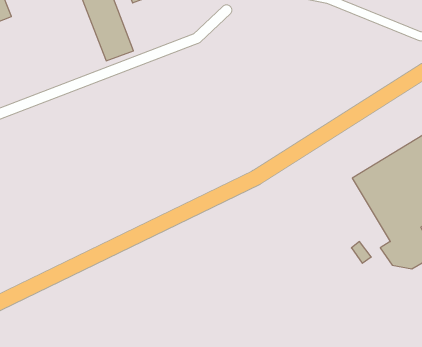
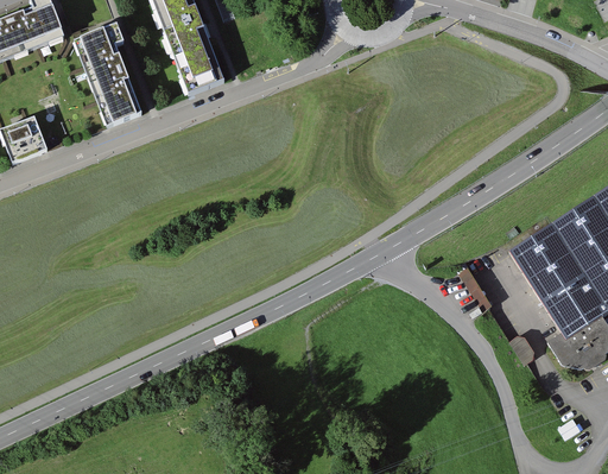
building: none -> [74,23,142,125]

